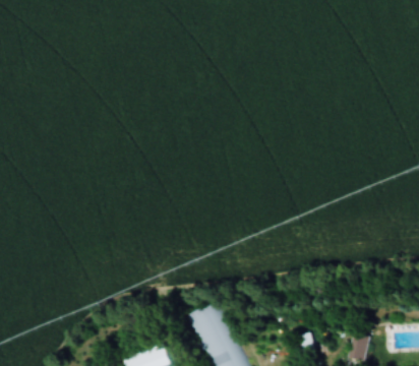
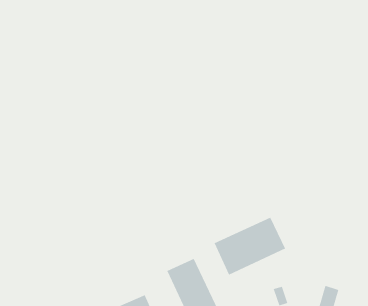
building: none -> [214,217,286,276]

